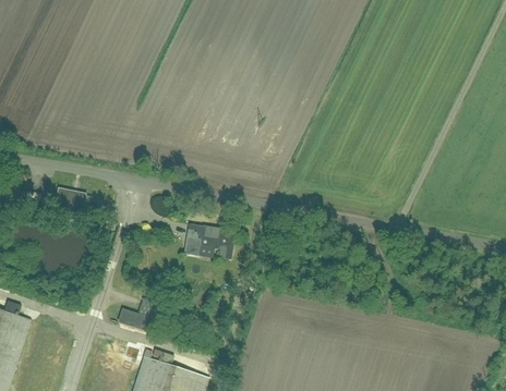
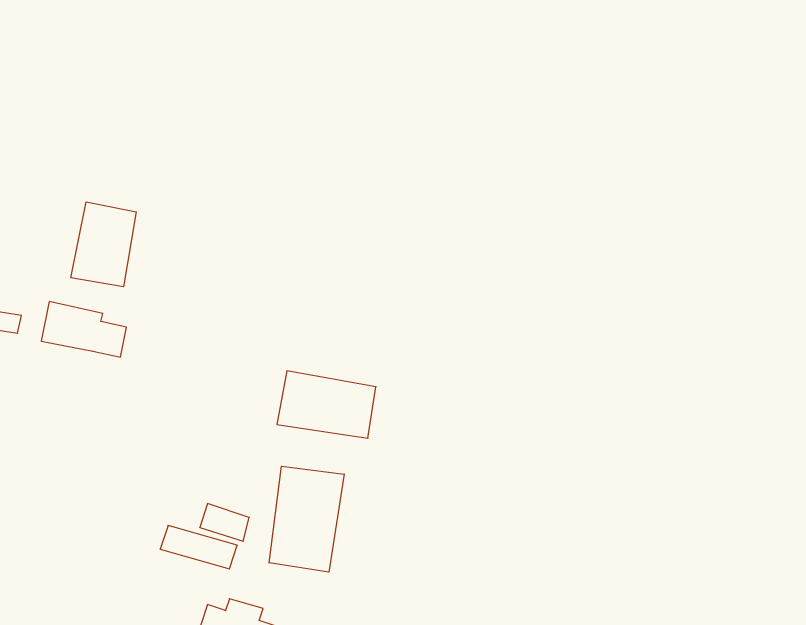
building: none -> [71,202,136,287]
building: none -> [269,466,344,572]

